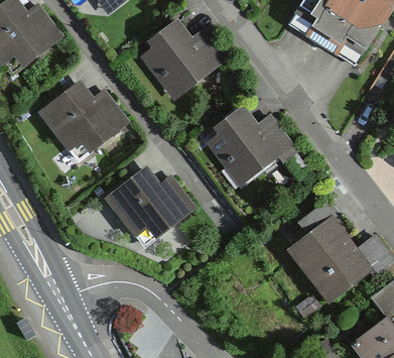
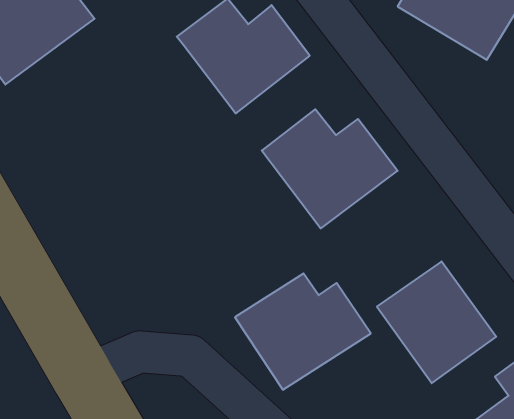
building: [36,80,131,159] -> none
building: [97,161,196,247] -> [235,273,371,390]

